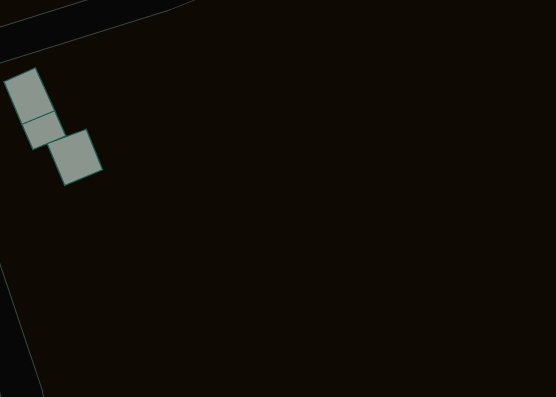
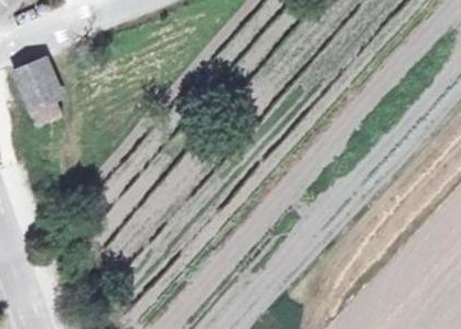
building: [47,129,103,186] -> none

